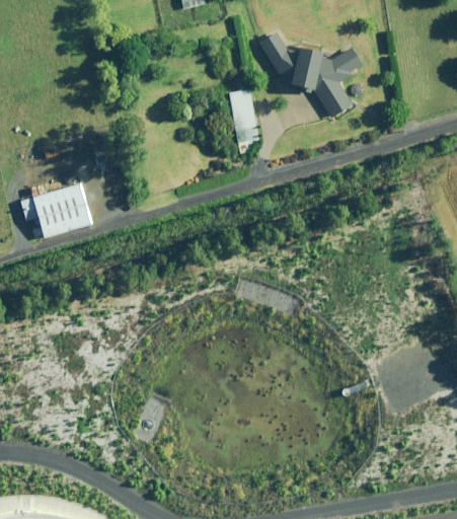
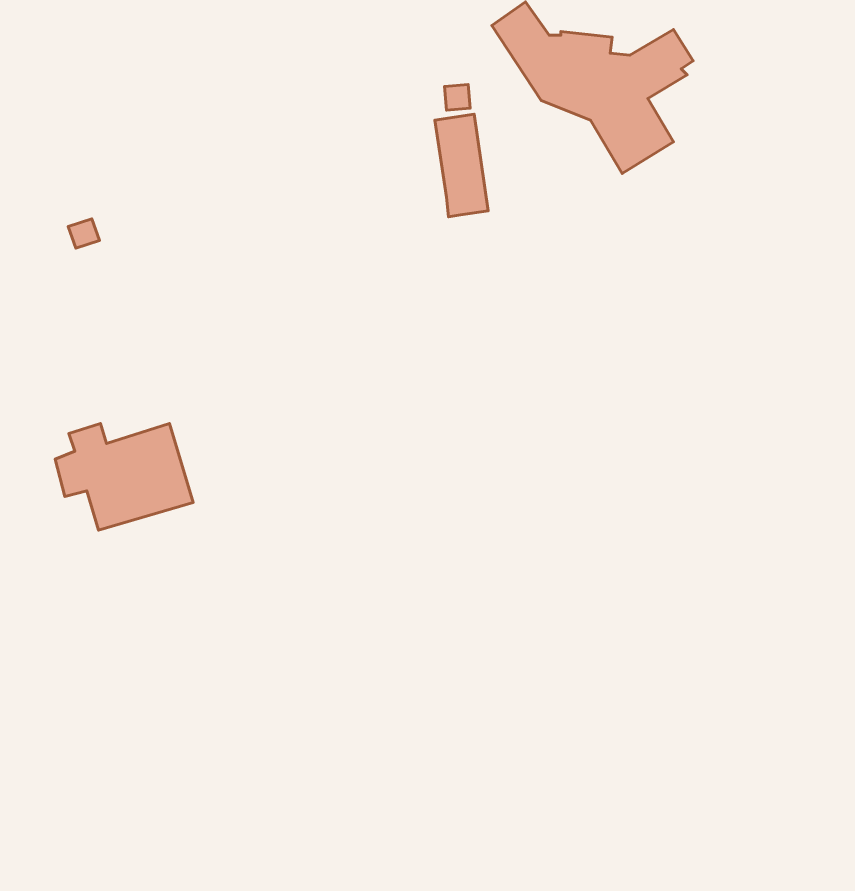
building: [21,183,92,238] -> [55,424,193,530]

